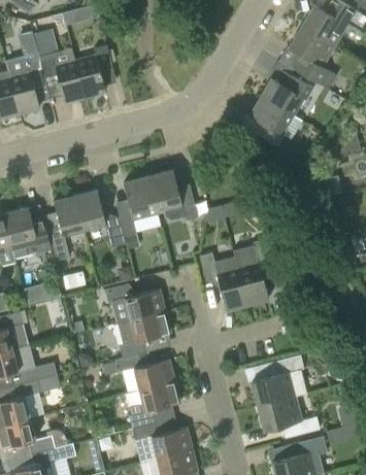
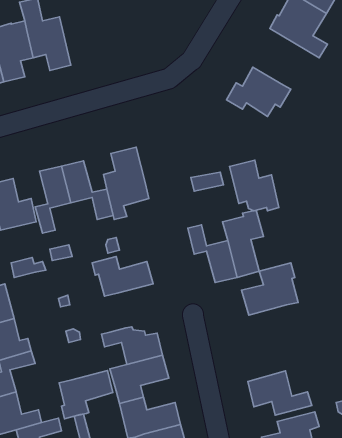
building: [76,45,117,96] -> none
building: [263,65,312,115] -> none
building: [148,170,197,219] -> [230,160,279,211]
building: [118,310,170,358] -> [59,370,113,419]
building: [251,354,306,406] -> [241,263,298,315]

